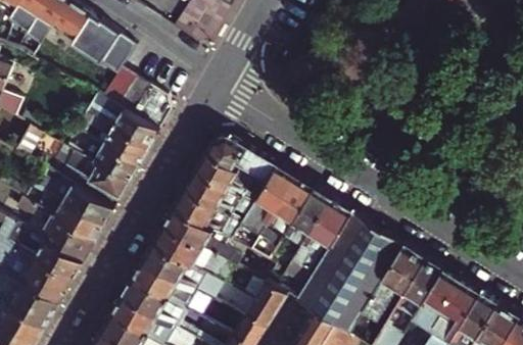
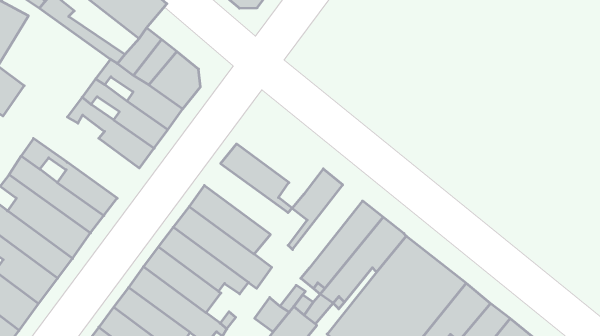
building: [205,140,278,191] -> none
building: [69,159,129,211] -> none
building: [183,174,253,227] -> none
building: [260,180,313,250] -> none

